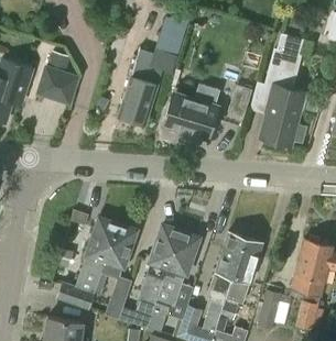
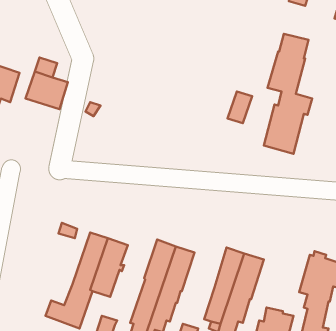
building: [118,23,185,124] -> none
building: [164,86,219,140] -> none

